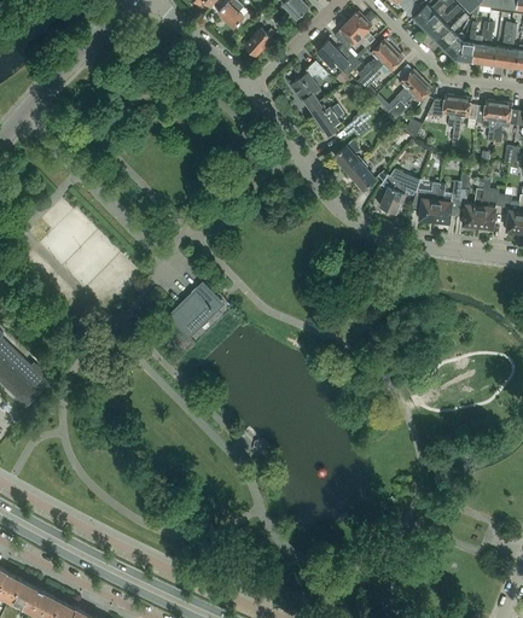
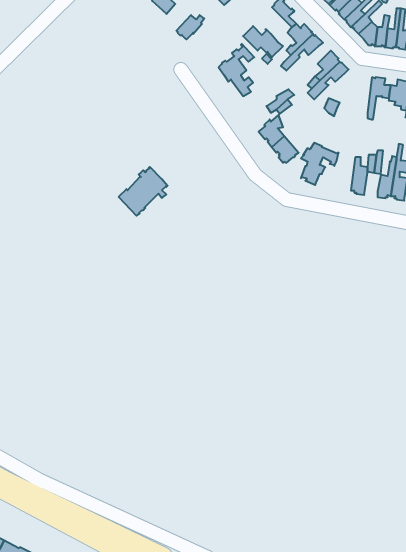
building: [333,21,370,49] -> none
building: [426,94,457,135] -> none
building: [313,103,344,135] -> none
building: [411,182,438,222] -> none
building: [168,284,221,337] -> [119,167,168,216]

